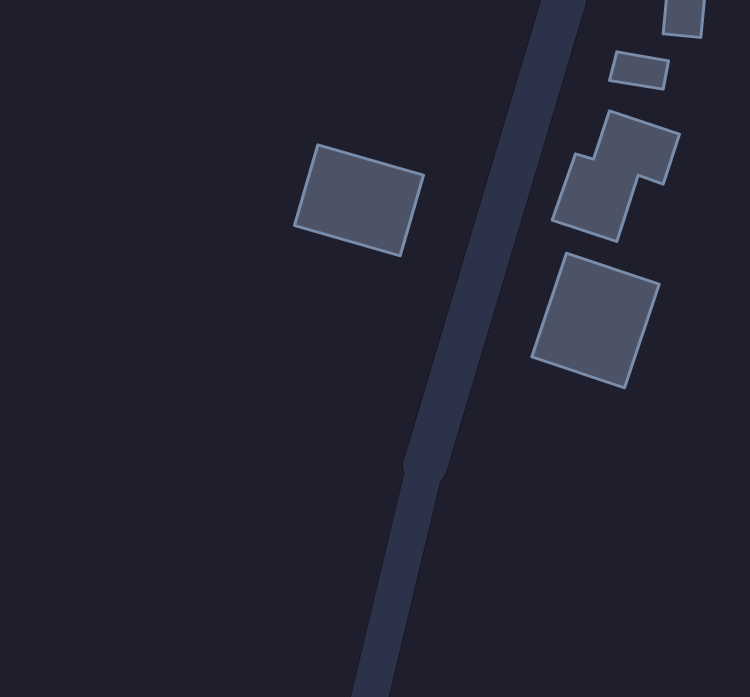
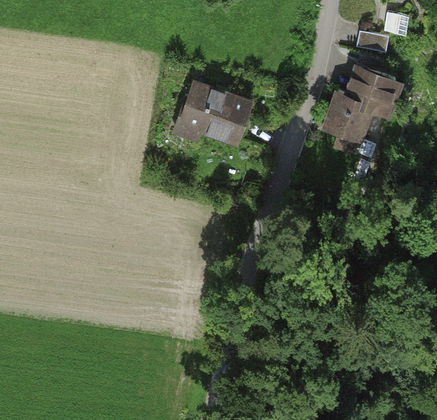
building: [532,253,659,388] -> none

